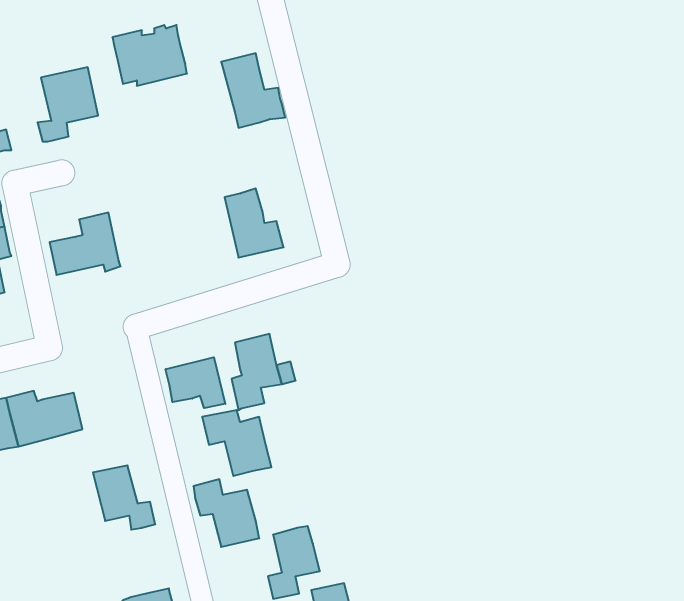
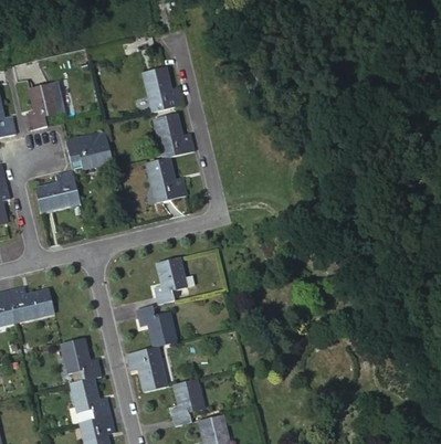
building: [112,25,187,86] -> [64,134,112,172]
building: none -> [156,119,195,158]
building: [166,357,225,408] -> none
building: none -> [71,376,111,417]

